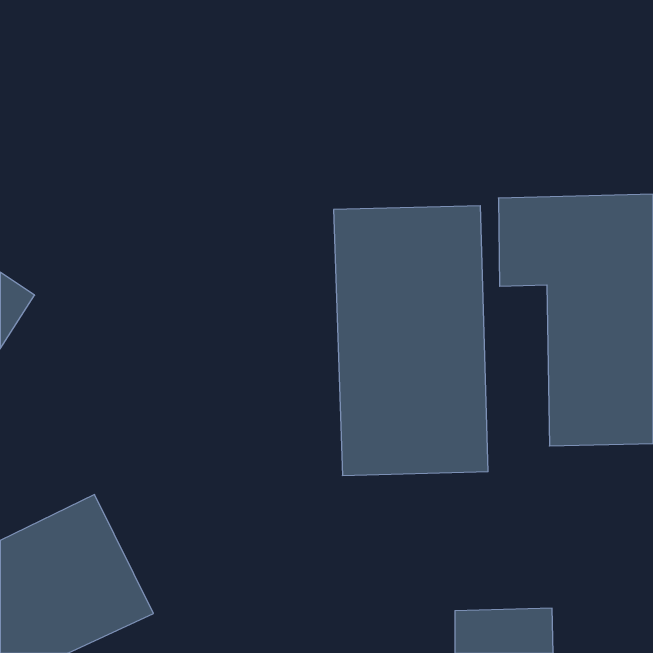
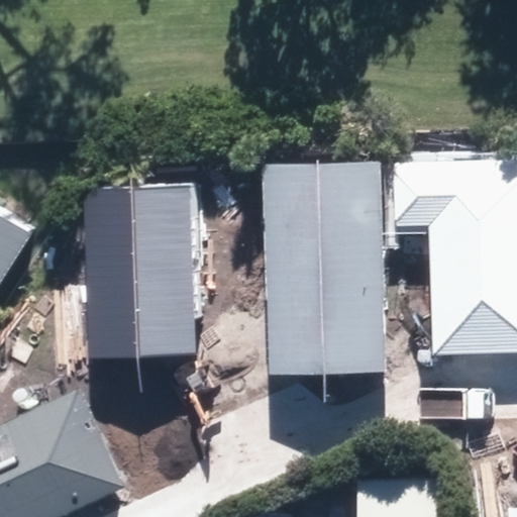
building: none -> [85,187,194,357]

